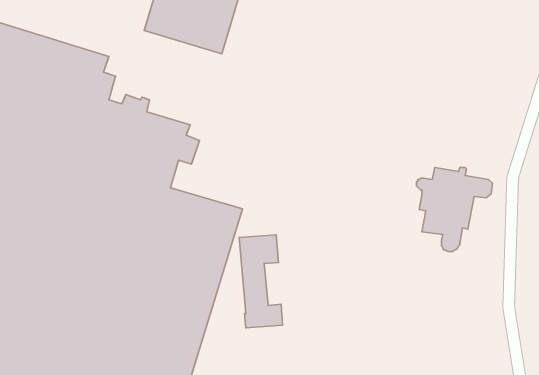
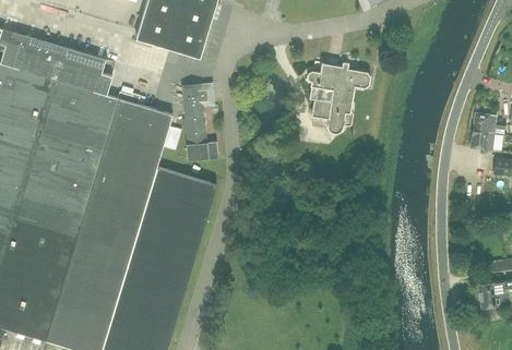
building: [417,168,493,251] -> [306,64,369,134]
building: [239,235,283,328] -> [181,84,217,161]

